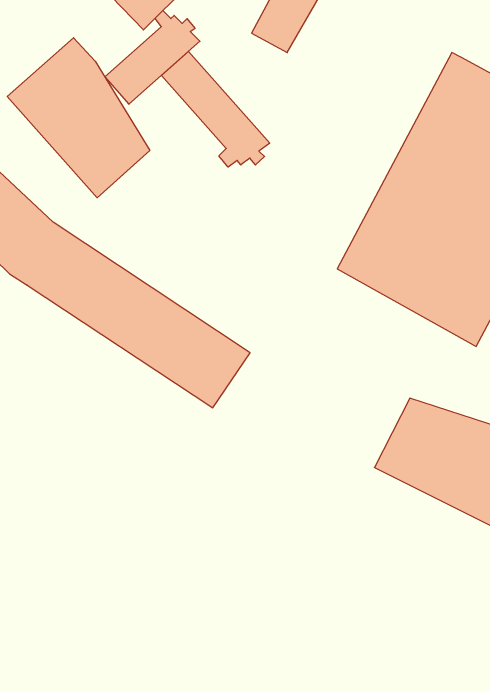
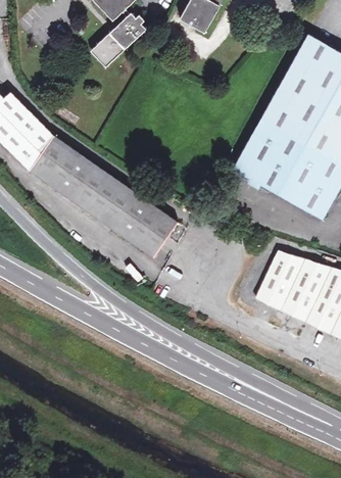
building: [7,38,150,198] -> none
building: [162,51,270,167] -> none

